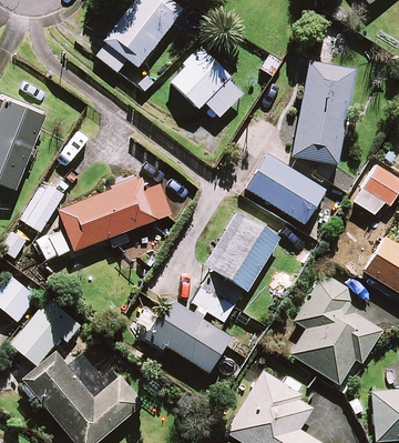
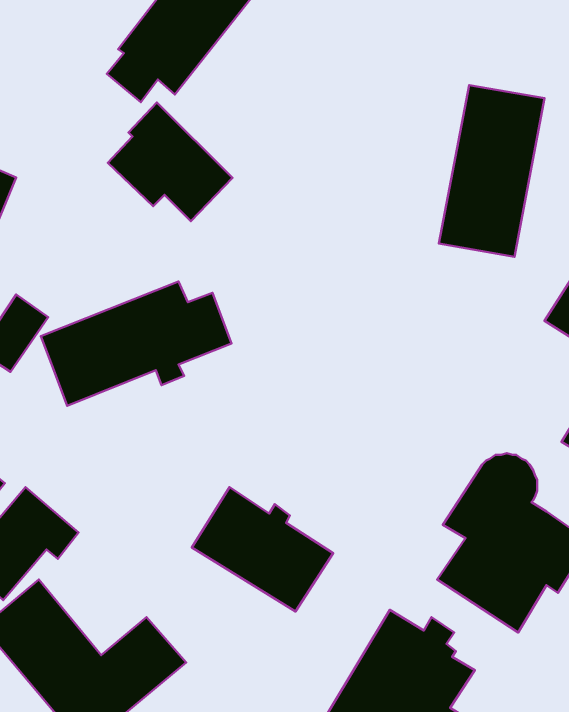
building: [171,47,244,117] -> [108,102,232,221]
building: [246,154,324,223] -> none
building: [193,212,278,321] -> none

